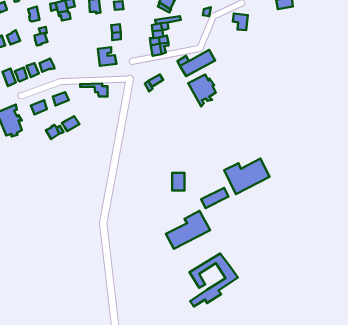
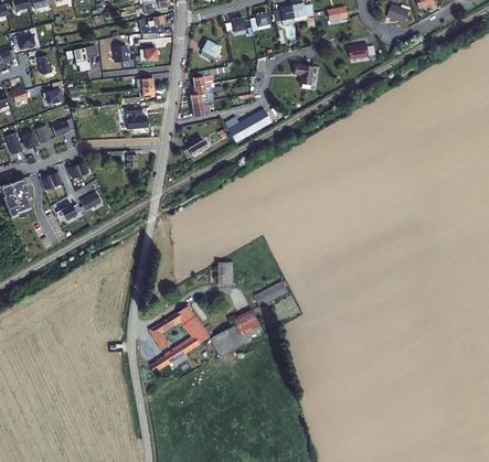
building: [188,74,216,107] -> none
building: [224,158,270,194] -> none
building: [189,253,238,307] -> [149,305,210,372]

